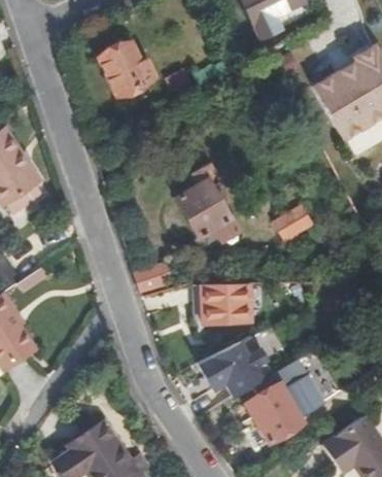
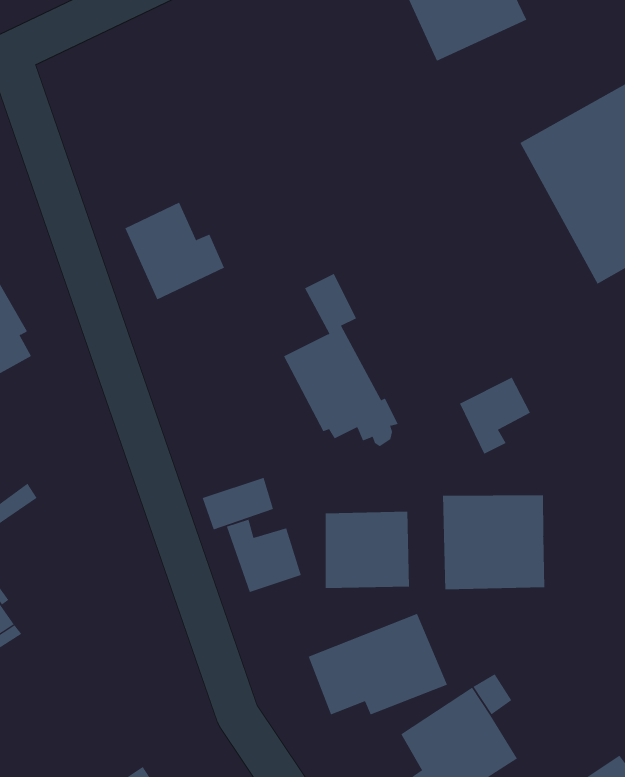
building: [102,42,157,96] -> [125,202,225,300]
building: none -> [443,494,545,590]
building: none -> [226,519,302,593]

